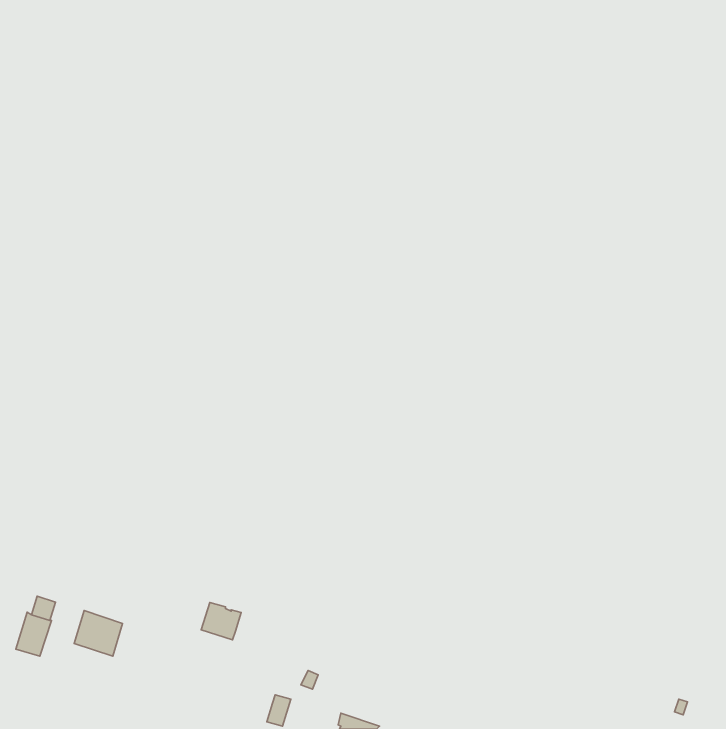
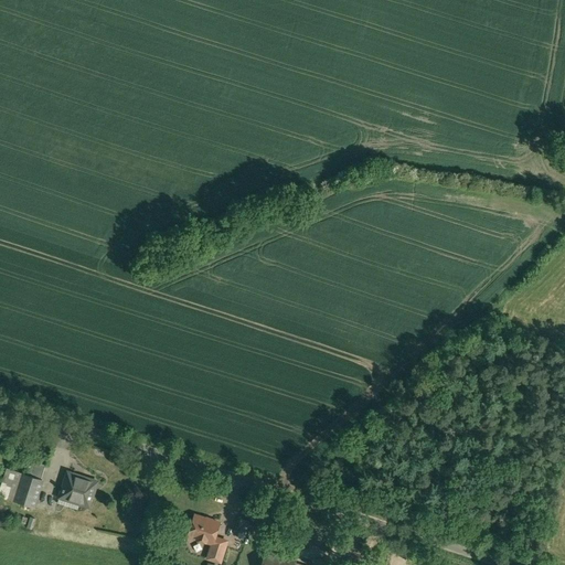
building: [201,603,241,640] -> [186,515,217,544]

